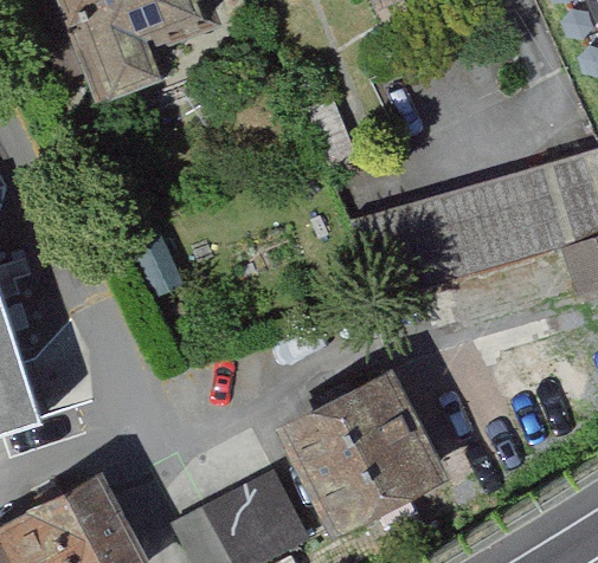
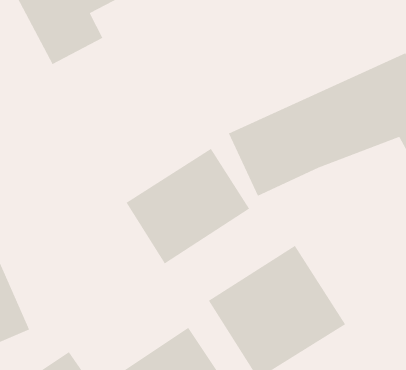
building: none -> [125,148,250,264]

